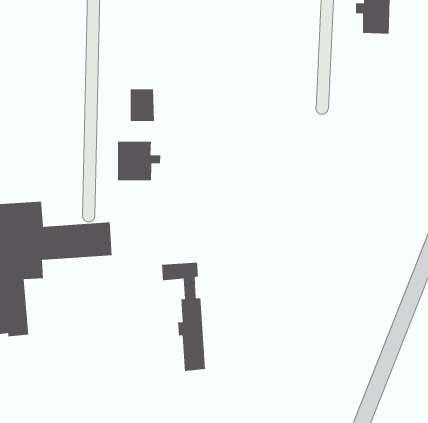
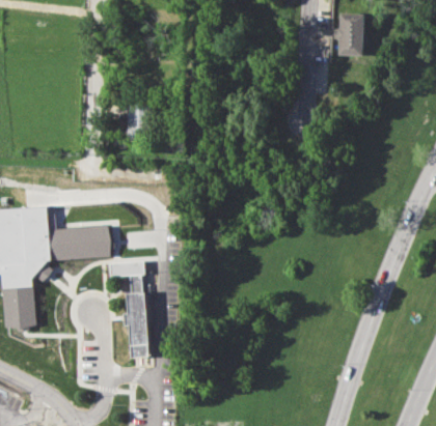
building: [117,141,161,181] -> none
building: [161,262,206,372] -> [109,259,149,359]

